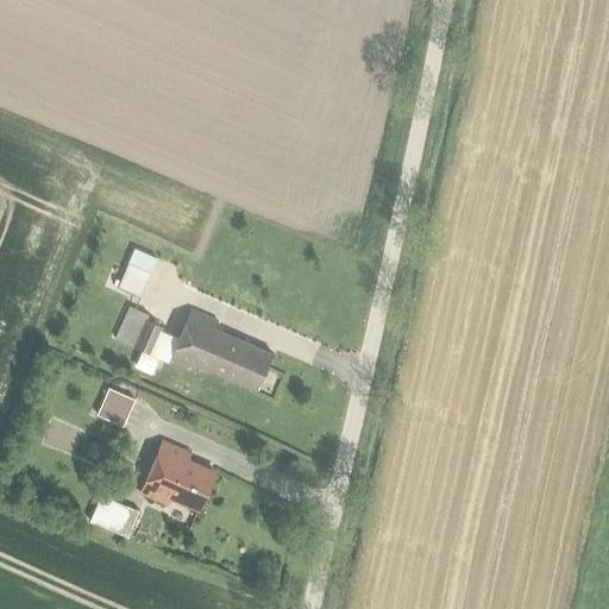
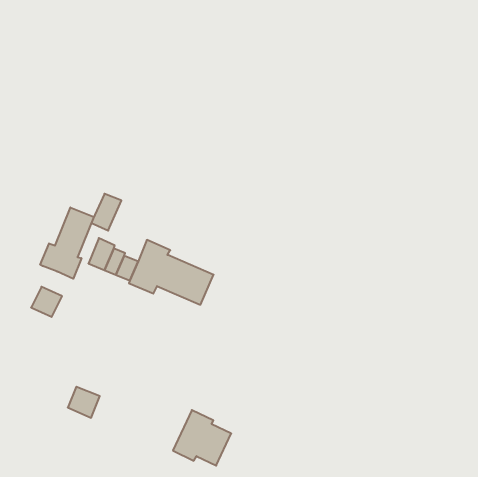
building: none -> [40,207,94,279]
building: [96,388,136,426] -> [31,287,62,317]
building: [142,441,215,511] -> [173,410,231,466]

